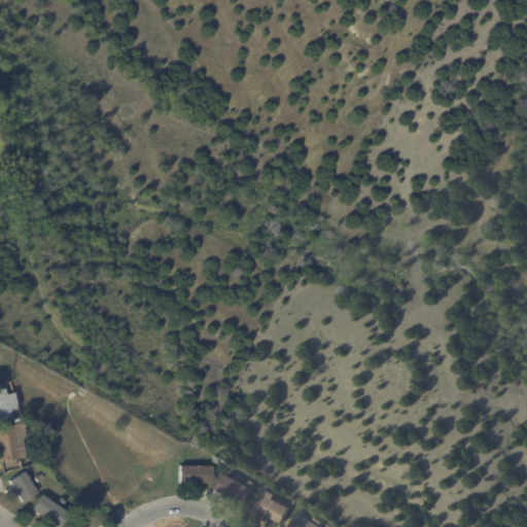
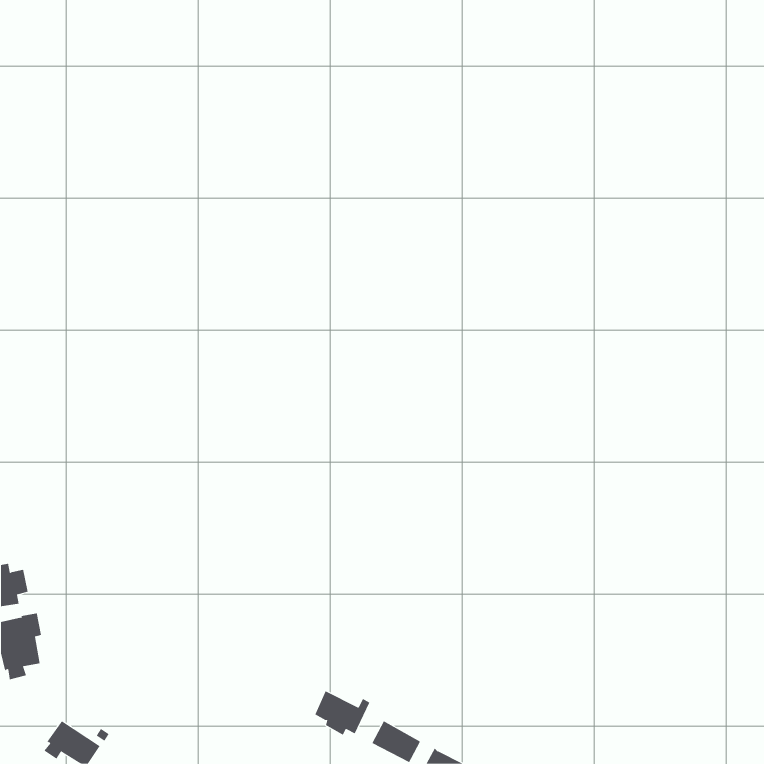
building: [177,466,211,483] -> none
building: [7,469,38,501] -> none

